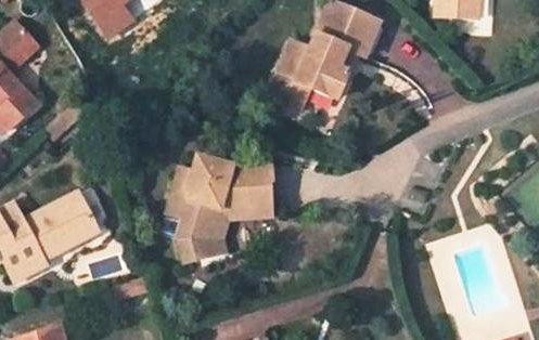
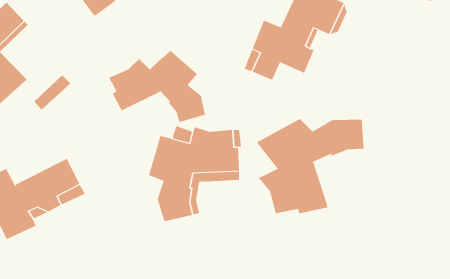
building: none -> [109,50,206,123]
building: none -> [256,118,364,214]

